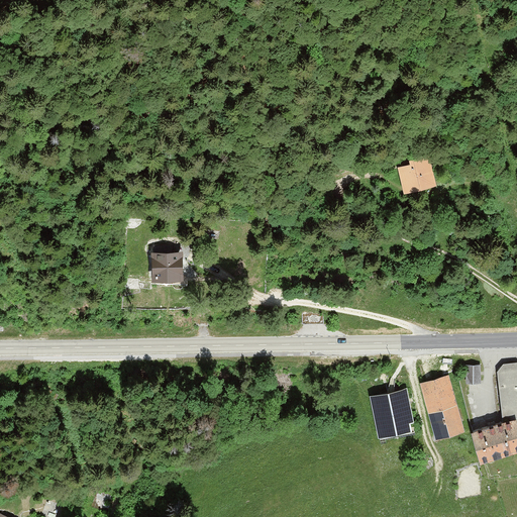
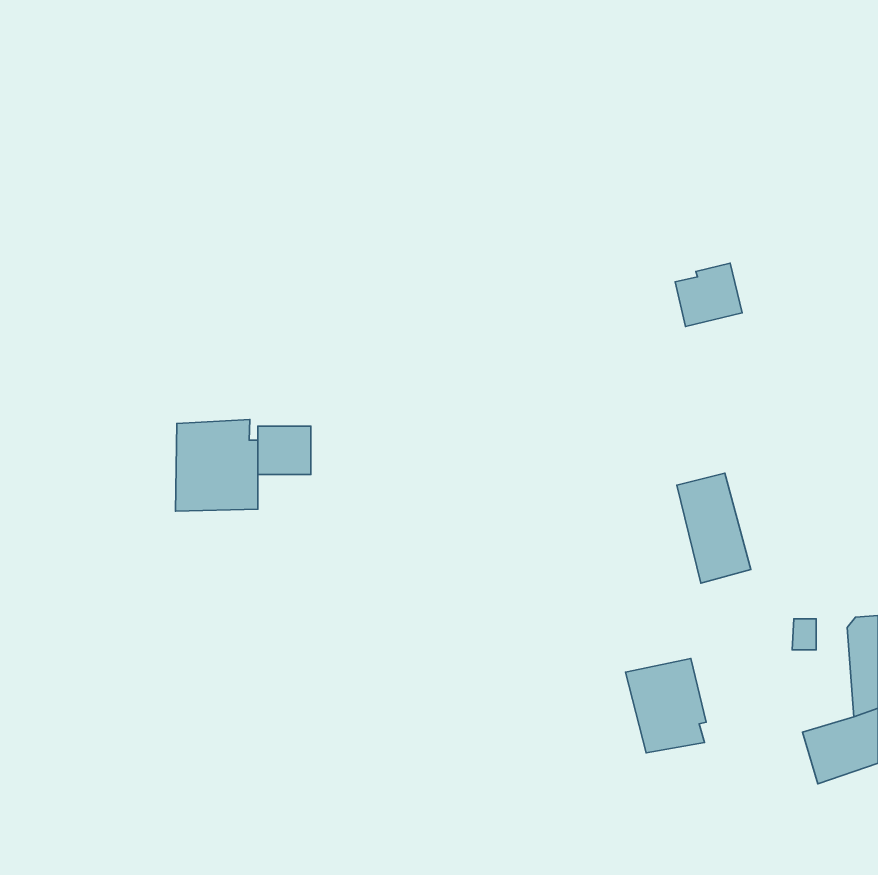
building: none -> [176,420,258,511]
building: [421,376,464,440] -> [677,473,751,583]

